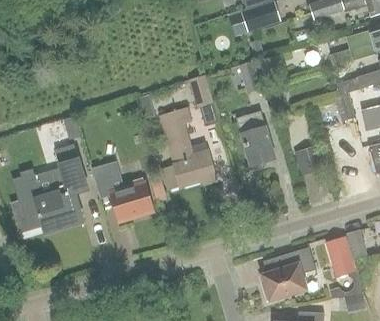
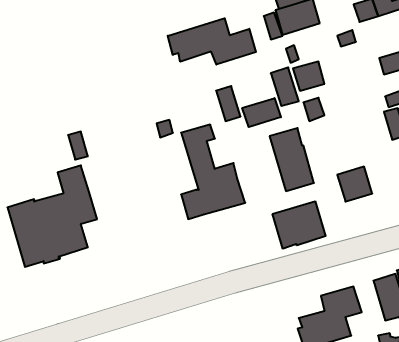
building: none -> [168,18,256,65]
building: none -> [242,98,281,127]
building: [91,160,154,221] -> none
building: none -> [273,201,326,249]

